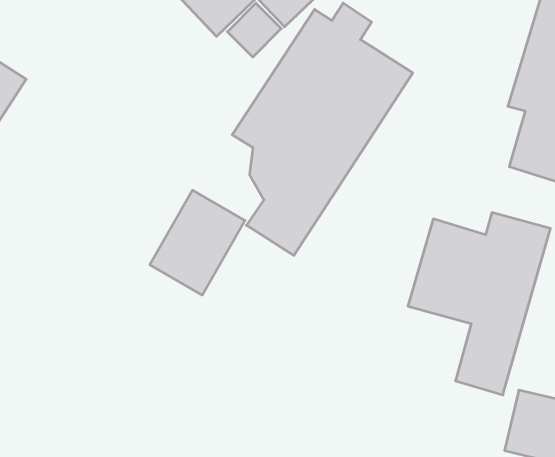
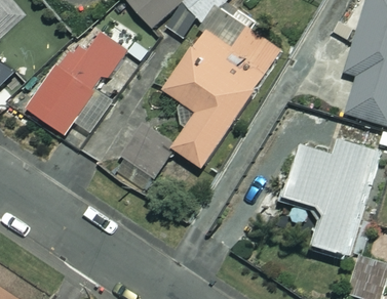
building: none -> [27,29,129,132]

